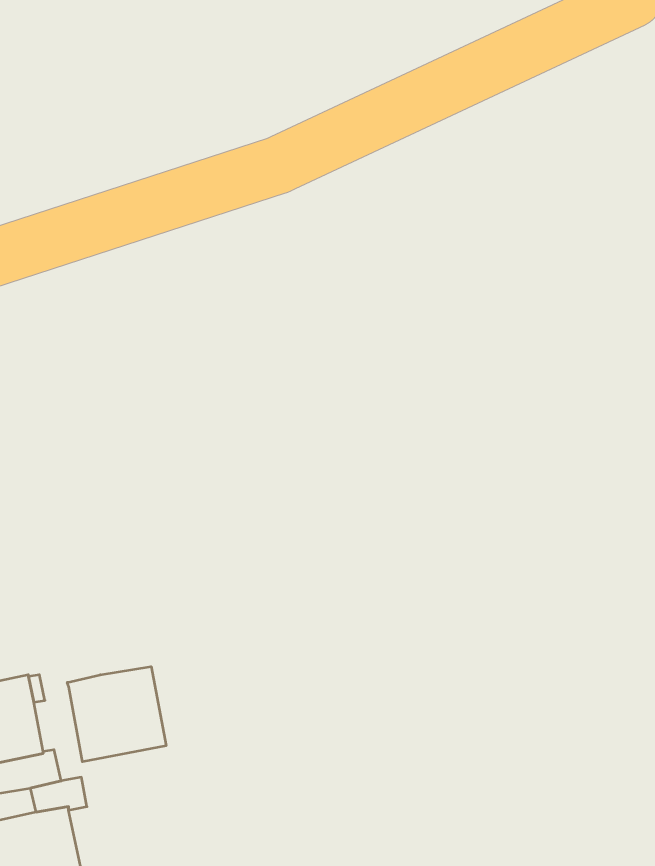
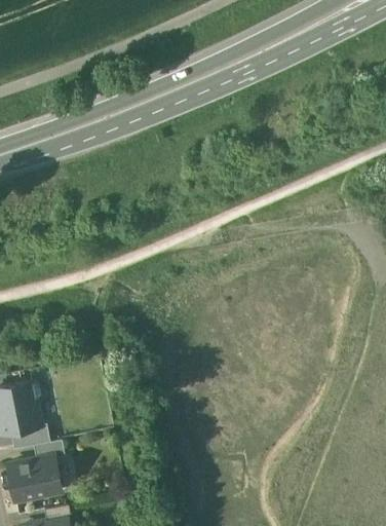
building: [67,667,166,762] -> none

